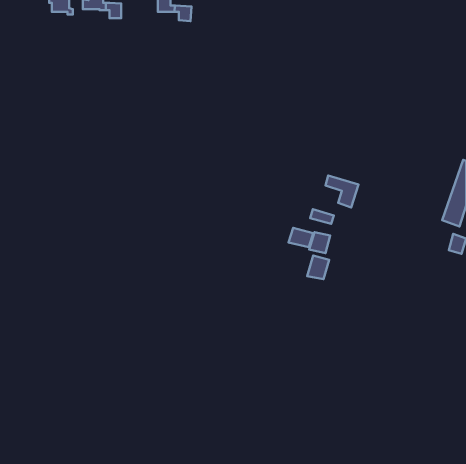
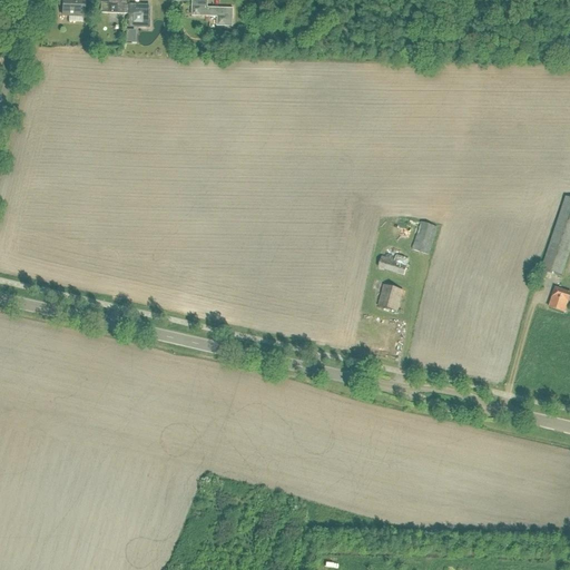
building: [288,228,313,247] -> none
building: [307,256,329,279] -> none

